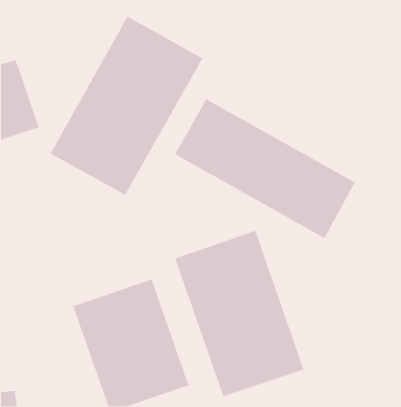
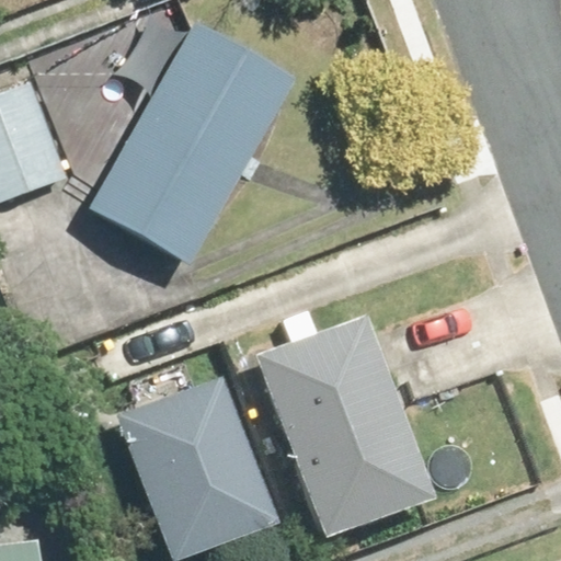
building: [174,98,356,239] -> none

